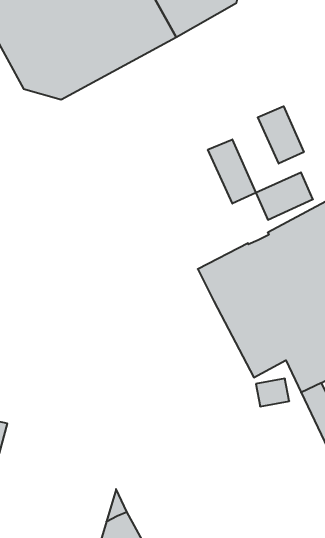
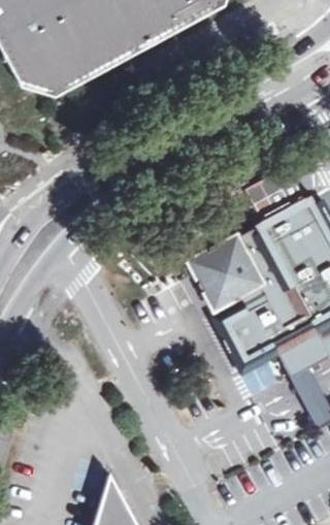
building: [258,106,304,164] -> none
building: [208,139,256,204] -> none

